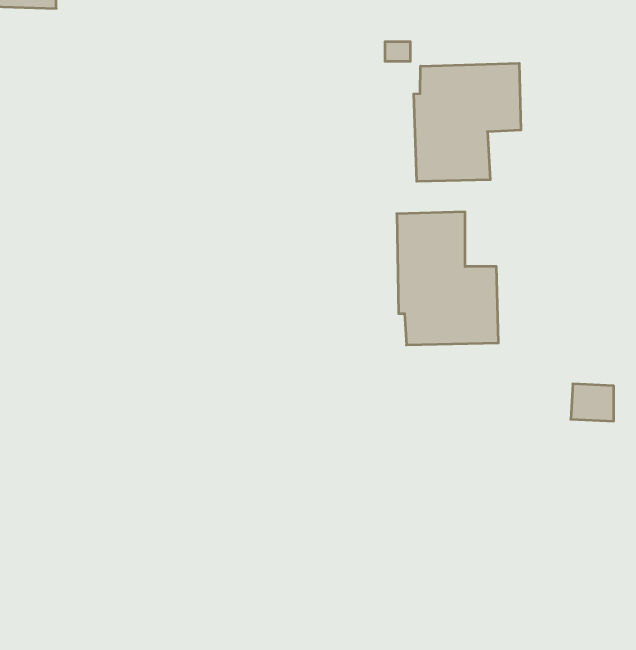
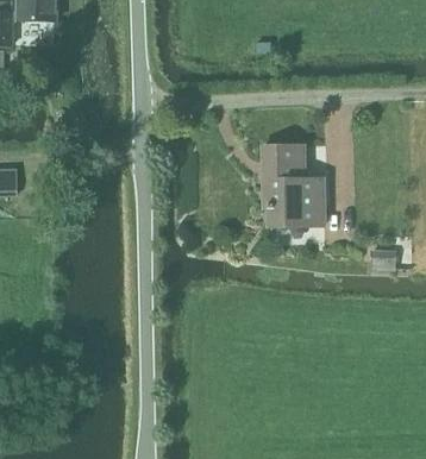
building: [414,63,521,181] -> none

